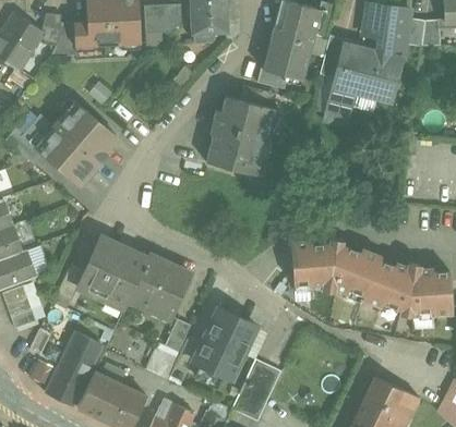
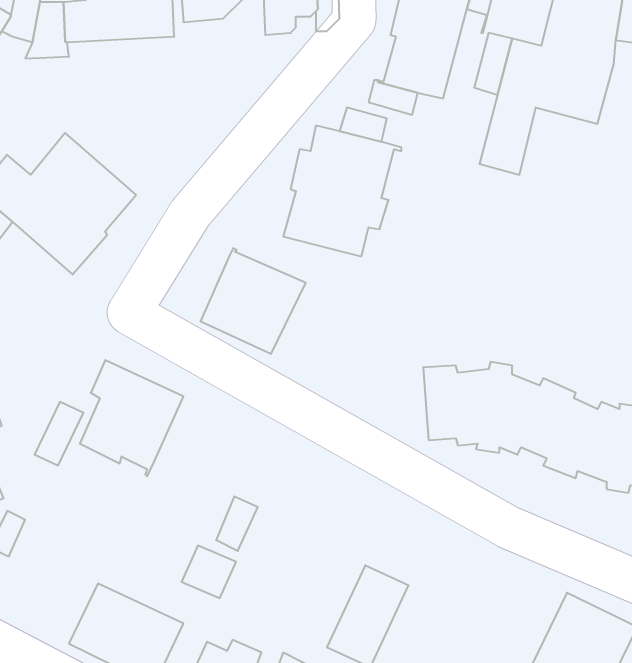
building: [128,255,191,318] -> [200,248,306,354]
building: [192,308,255,379] -> none
building: [46,332,100,405] -> none

